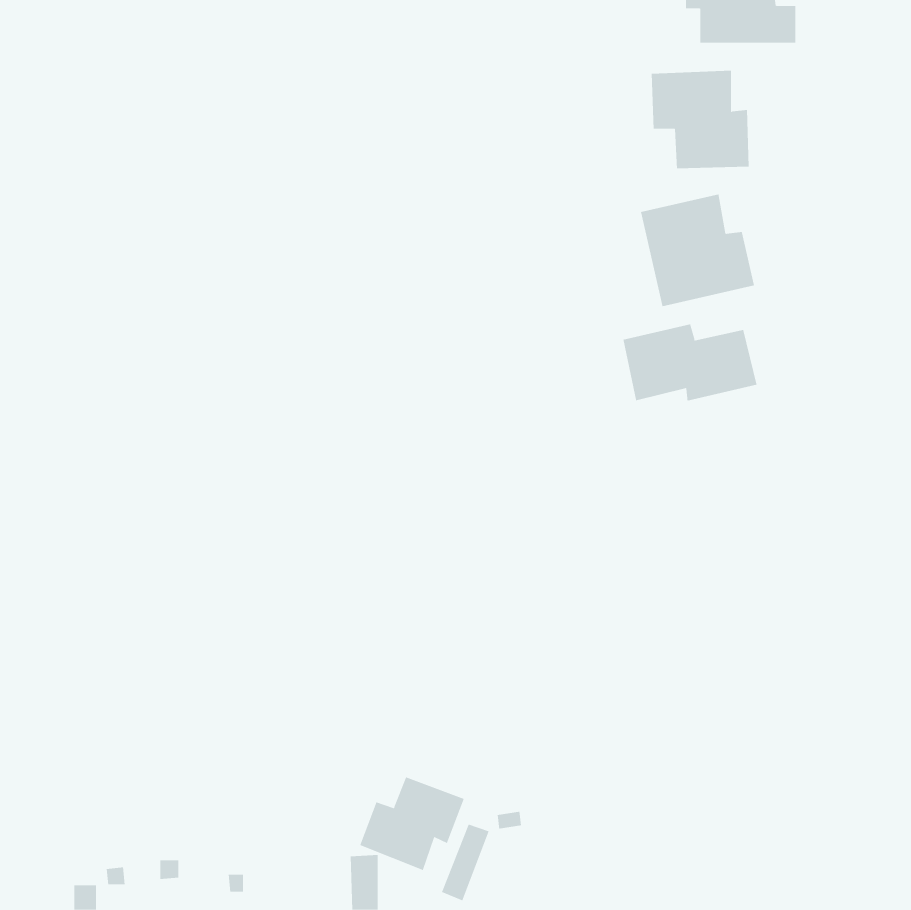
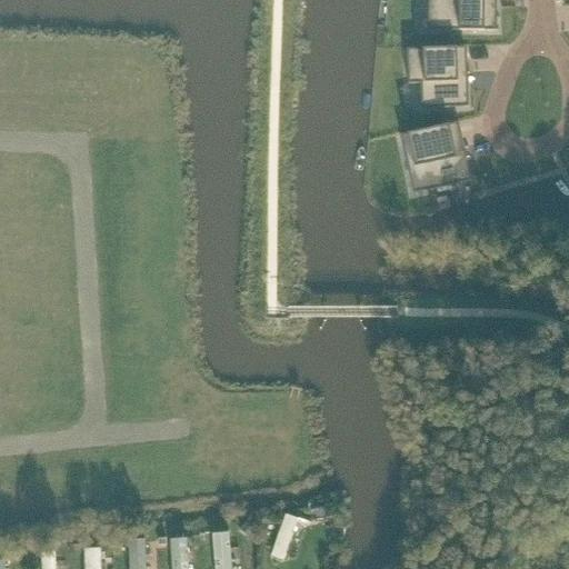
building: [623,324,757,401] -> none
building: [359,776,464,871] -> none

